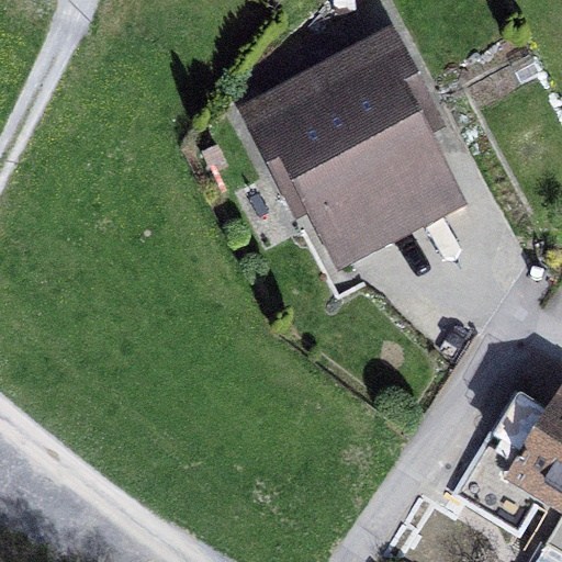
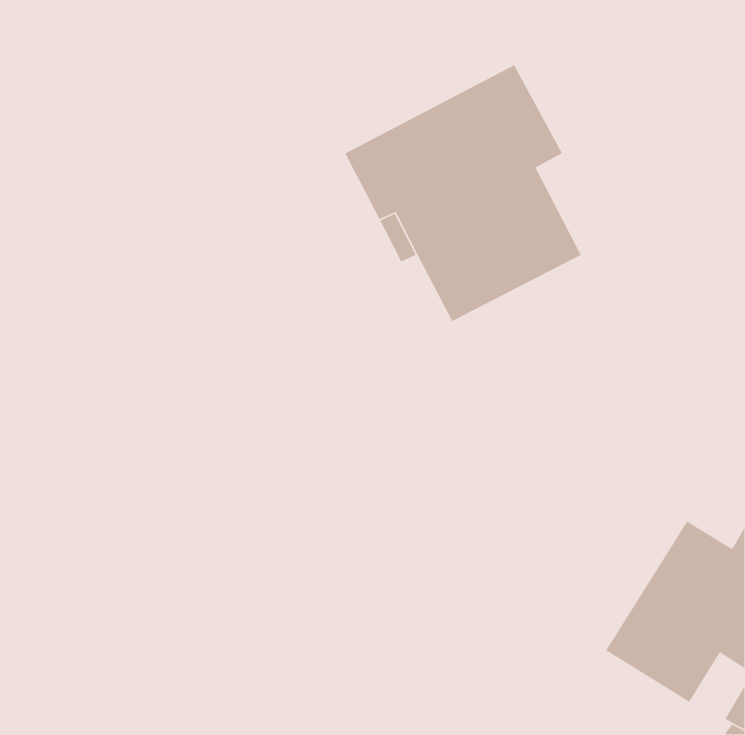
building: [340,116,467,261] -> none

